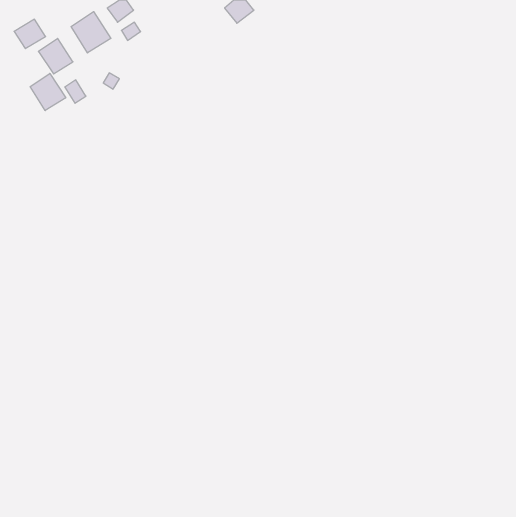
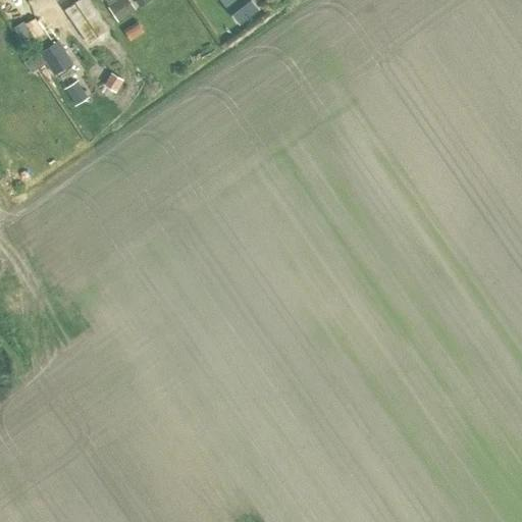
building: [71,12,111,53] -> none
building: [30,73,66,111] -> none

